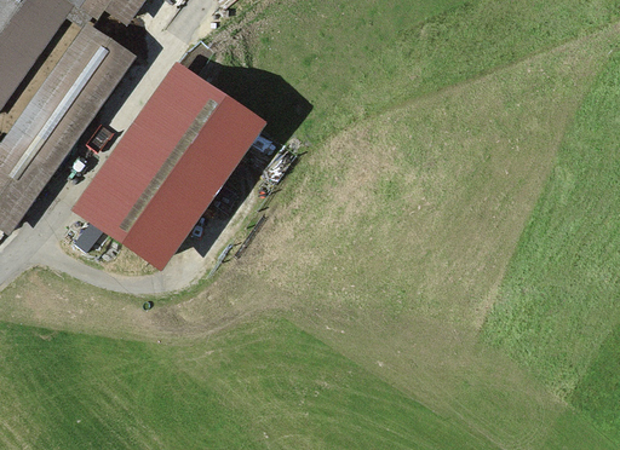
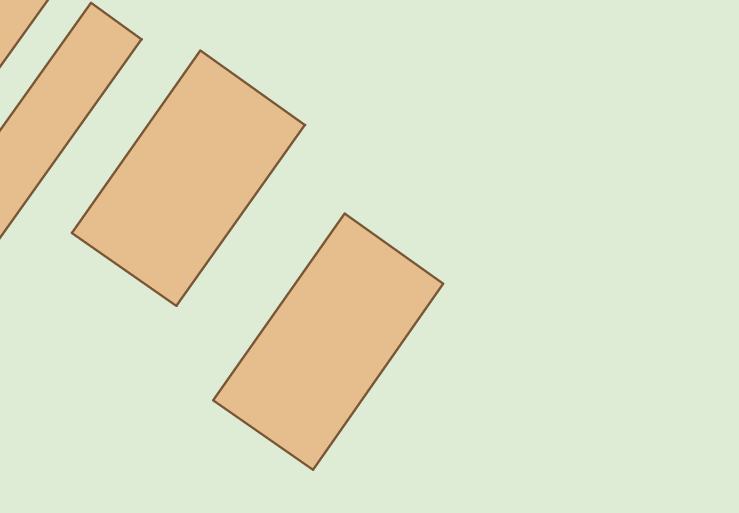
building: none -> [213,214,443,470]

